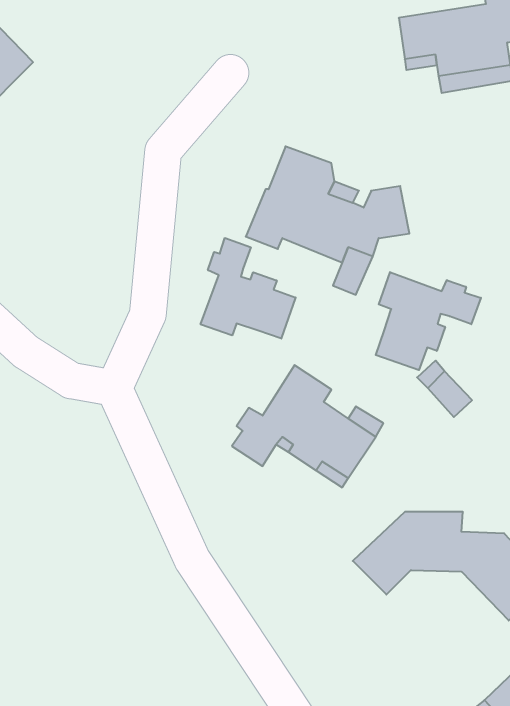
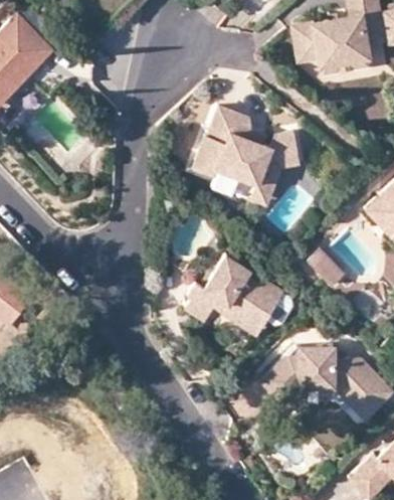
building: [201,238,296,339] -> none
building: [376,272,481,370] -> none

